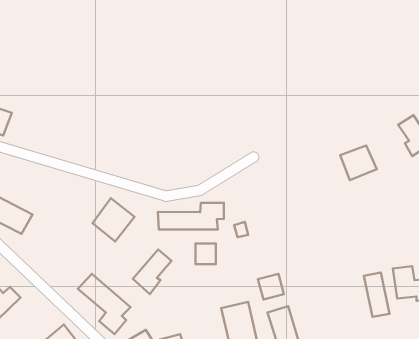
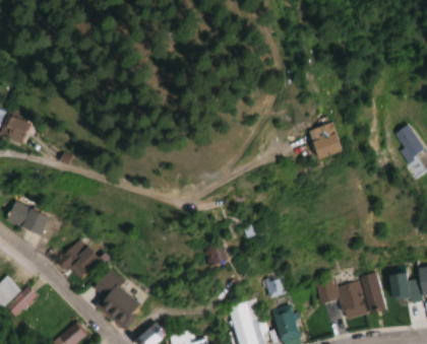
building: [340,145,377,180] -> [302,131,337,163]
building: [92,198,134,242] -> [60,238,100,279]
building: [158,203,224,230] -> none
building: [133,249,172,294] -> none
building: none -> [315,277,367,319]

